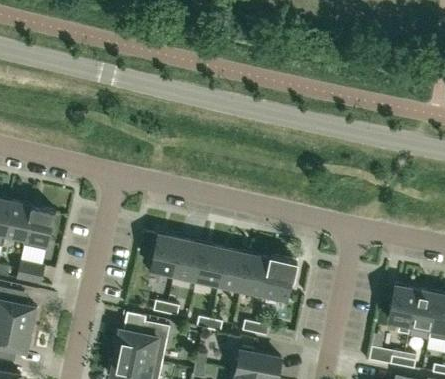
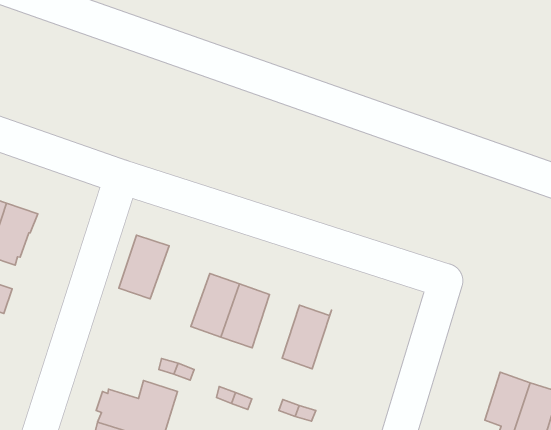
building: [151,234,183,278] -> [119,235,169,299]
building: [219,249,249,293] -> none
building: [263,255,298,299] -> none

